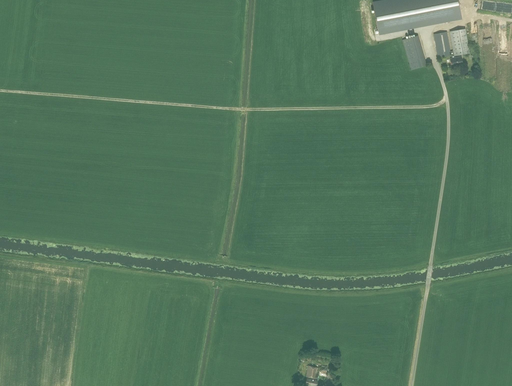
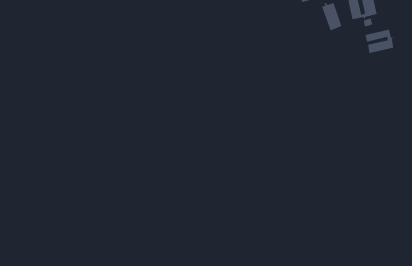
building: none -> [365,29,394,54]

